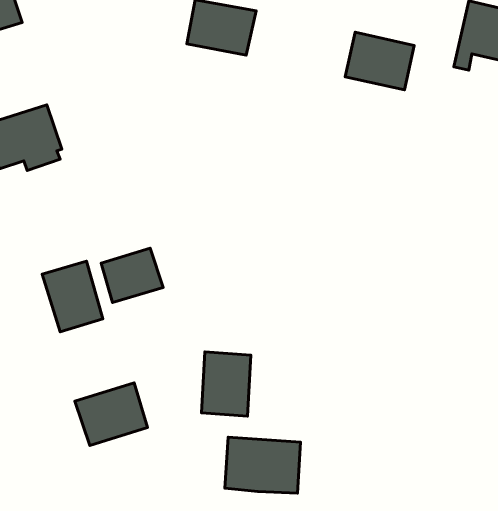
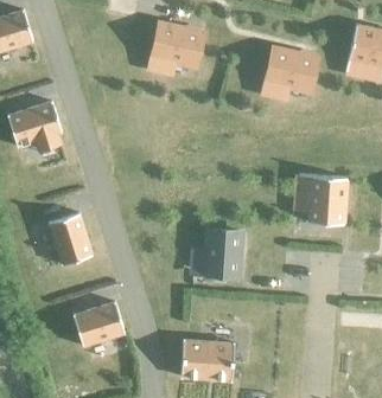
building: none -> [297,175,346,225]
building: [101,248,163,303] -> none
building: [201,352,251,416] -> [205,230,241,276]

